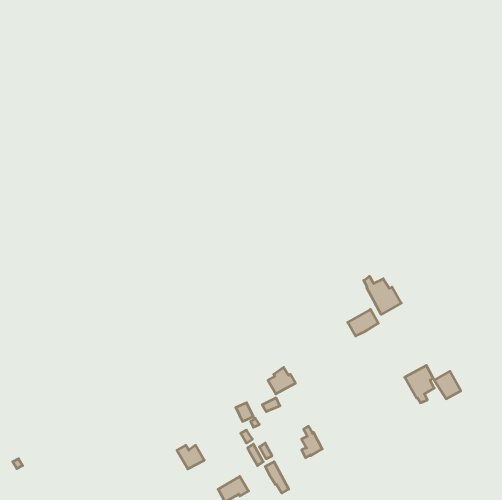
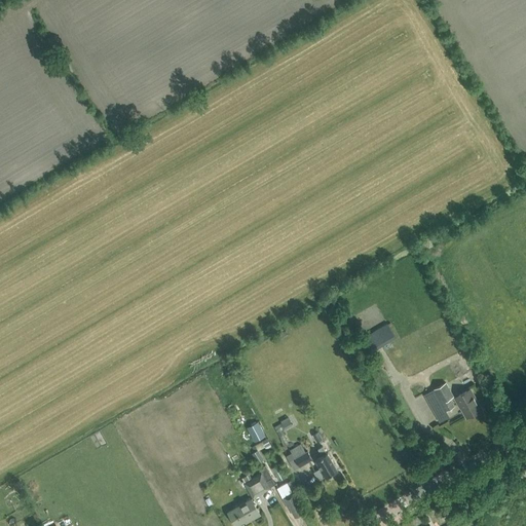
building: [364,276,401,314] -> none
building: [268,367,295,394] -> [284,445,312,473]
building: [177,445,204,469] -> [241,475,270,499]

